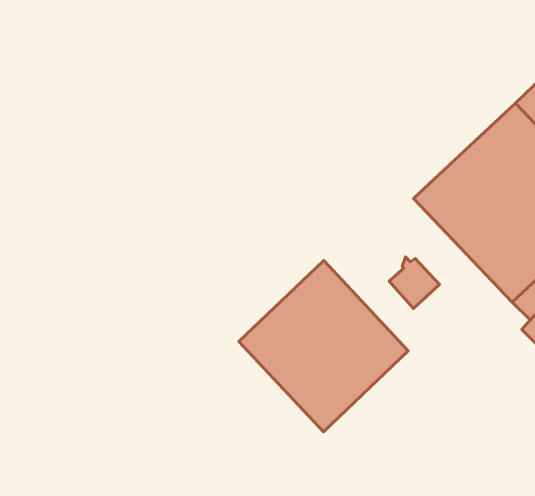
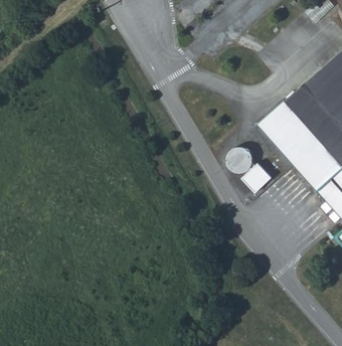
building: [239,261,408,432] -> none

